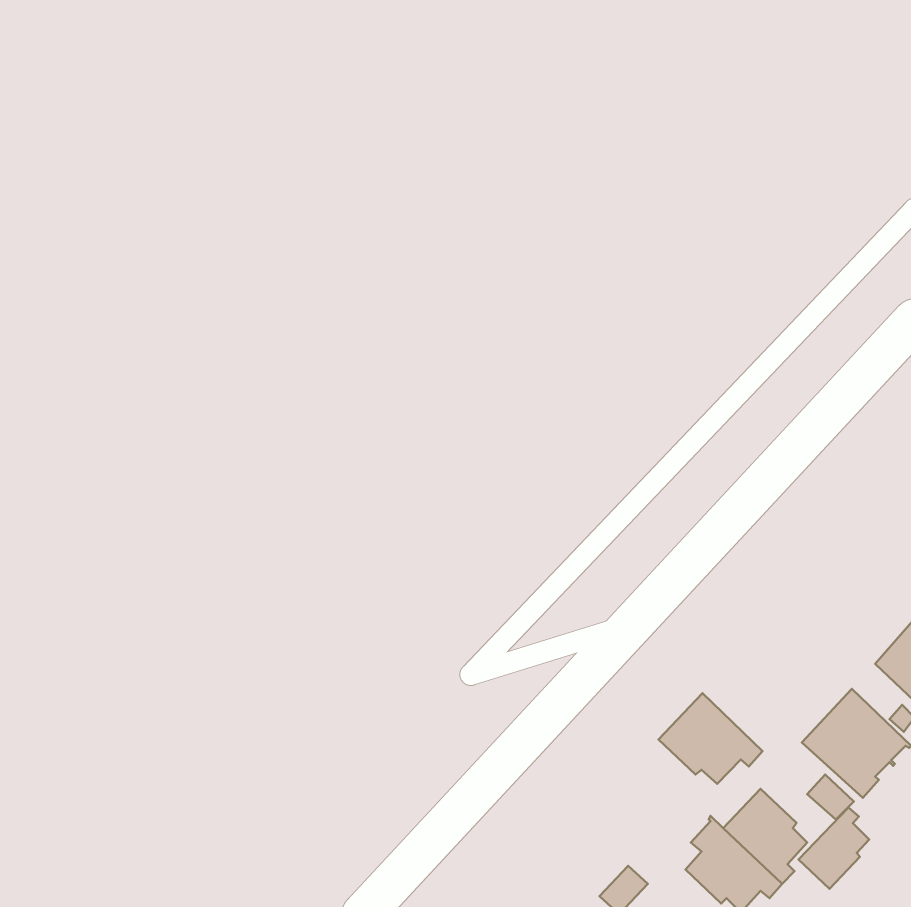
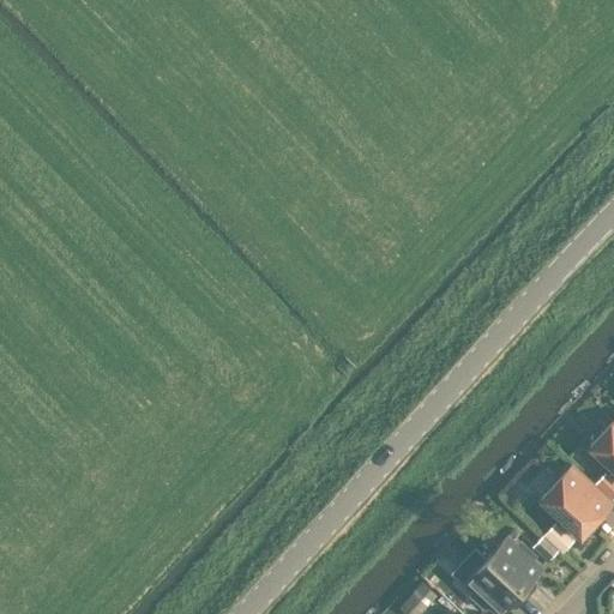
building: [659,693,763,784] -> none
building: [798,807,869,889] -> none

